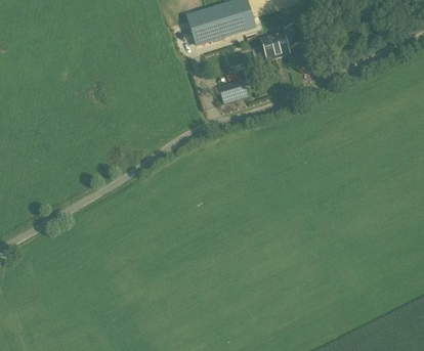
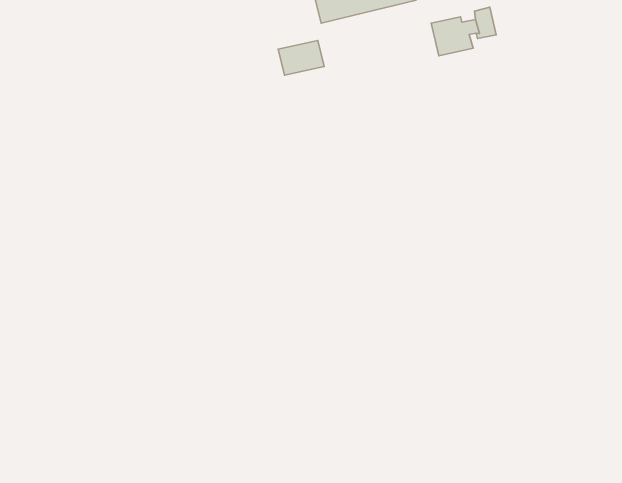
building: [220,78,249,100] -> [278,40,324,75]

